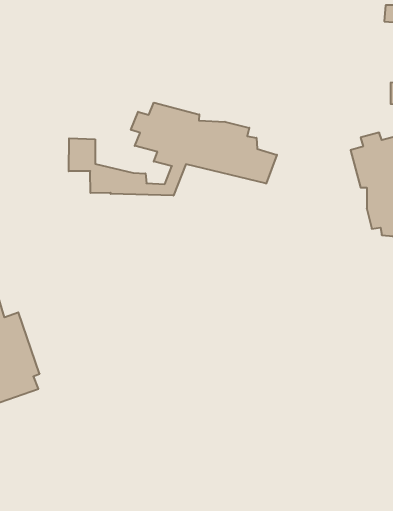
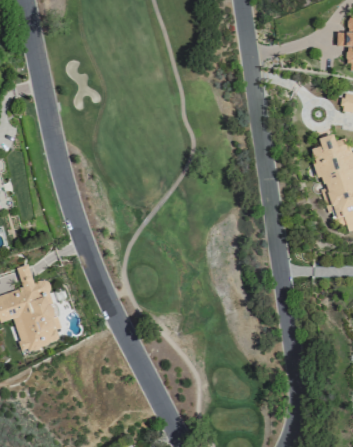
building: [69,103,277,196] -> none

